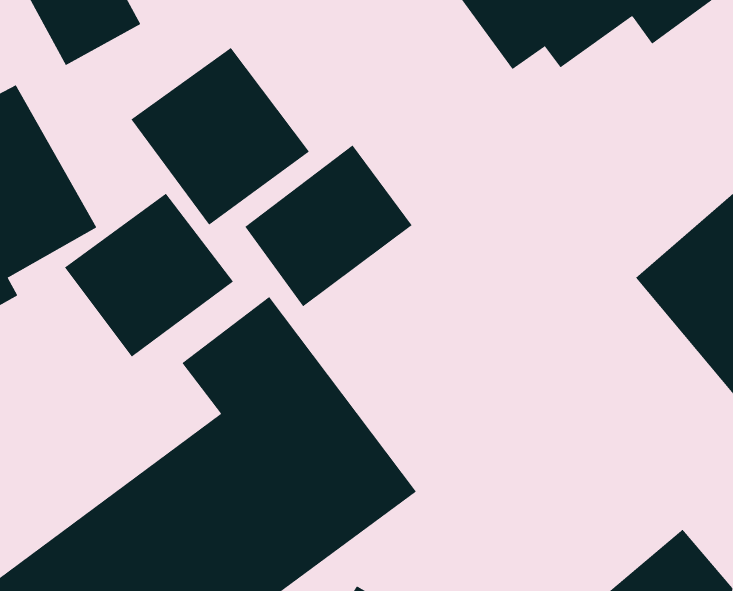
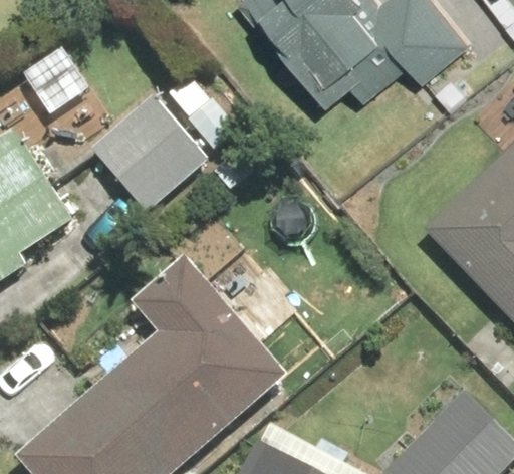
building: [245,145,413,307] -> none
building: [64,193,234,357] -> none

